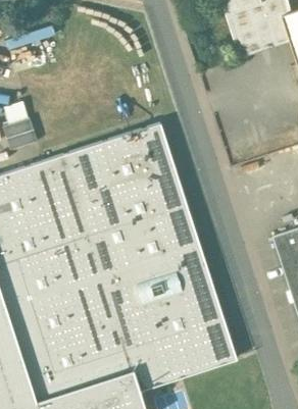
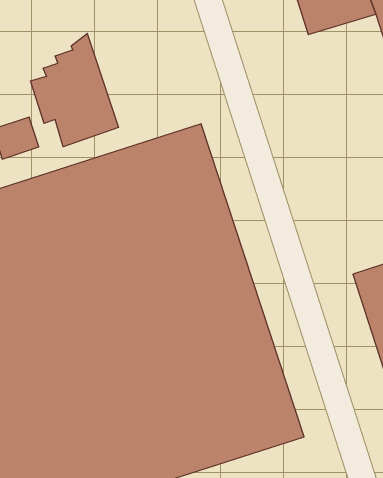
building: none -> [30,33,119,147]

